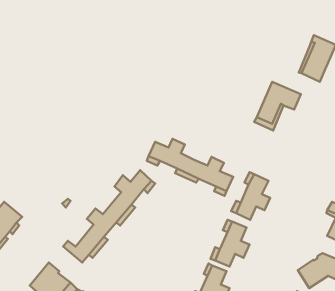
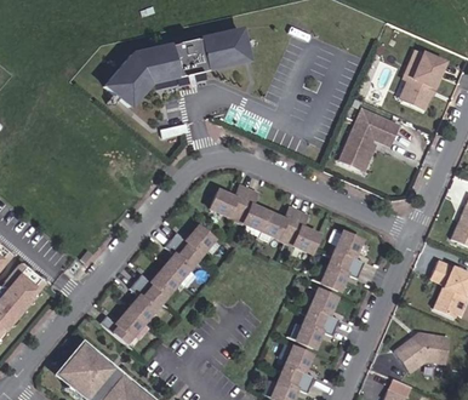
building: none -> [104,28,253,109]

